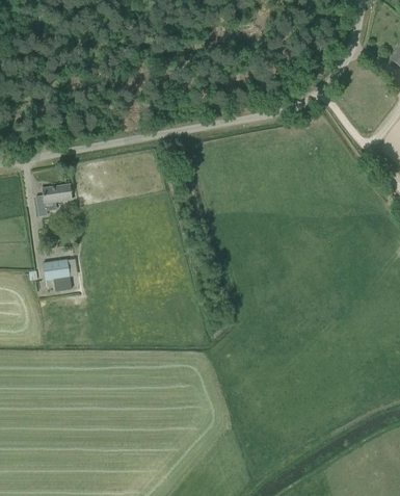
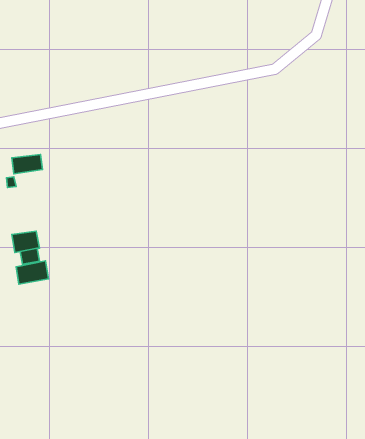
building: none -> [16,261,49,284]

